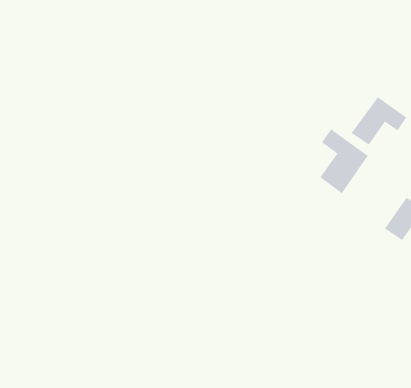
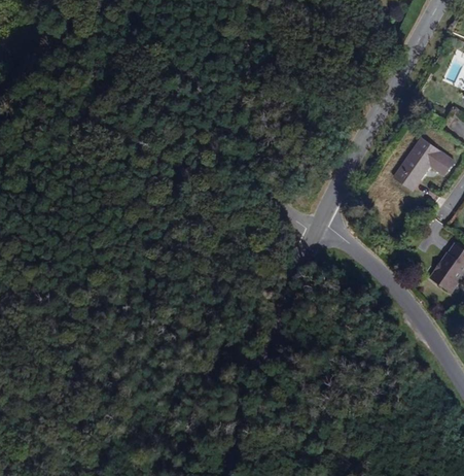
building: [319,129,369,194] -> none

